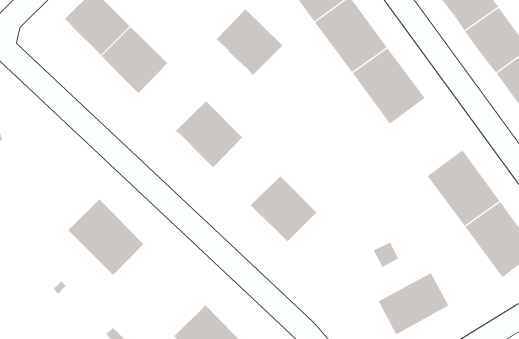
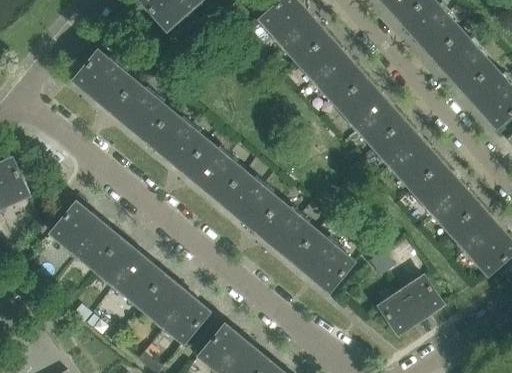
building: [216,9,283,76] -> [147,111,208,171]
building: none -> [374,120,442,190]
building: none -> [220,171,281,231]
building: none -> [51,202,121,269]
building: none -> [293,232,354,291]
building: none -> [140,275,209,343]

